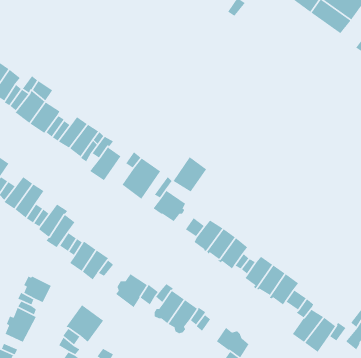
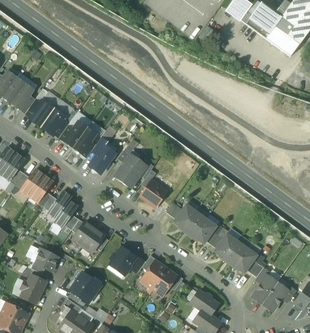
building: [172,156,207,193] -> none

